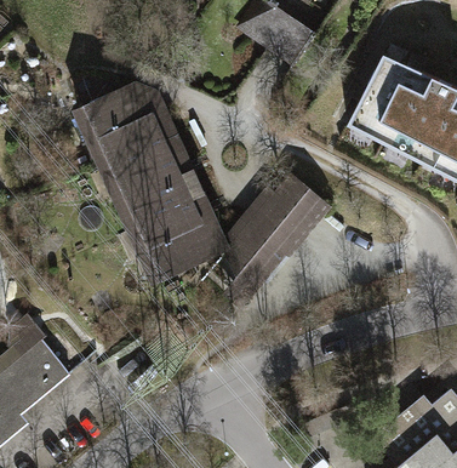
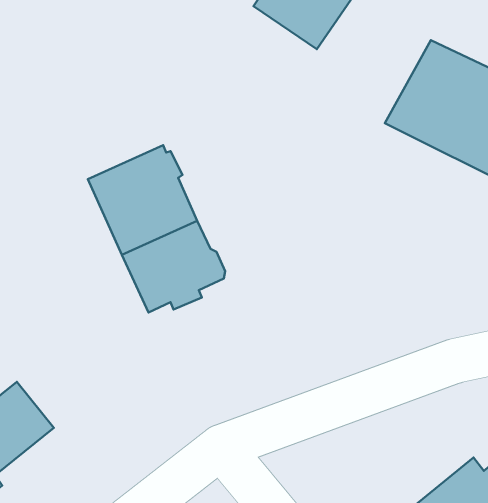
building: [79,89,164,169] -> none
building: [210,177,325,295] -> none

